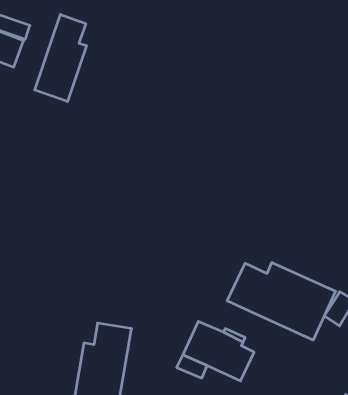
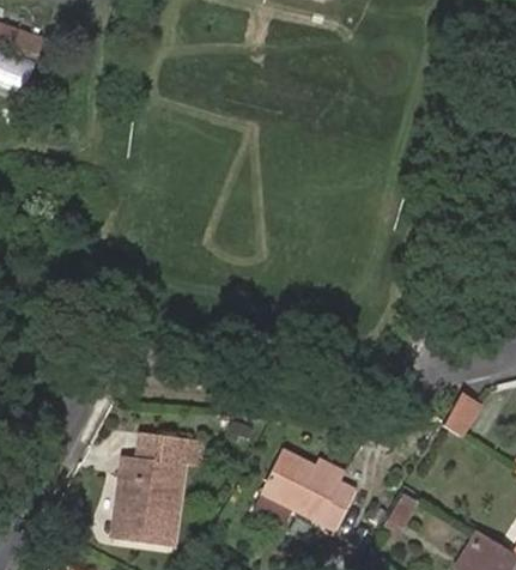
building: [35,14,86,102] -> none
building: [227,262,336,340] -> none

